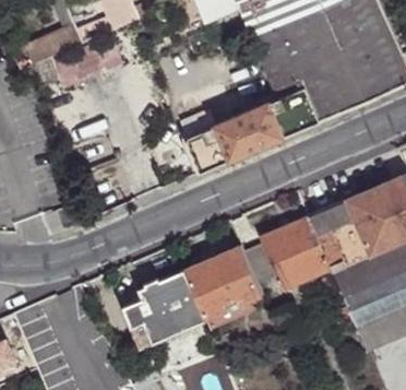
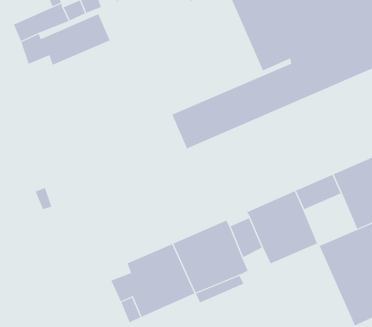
building: [317,217,370,270] -> none

